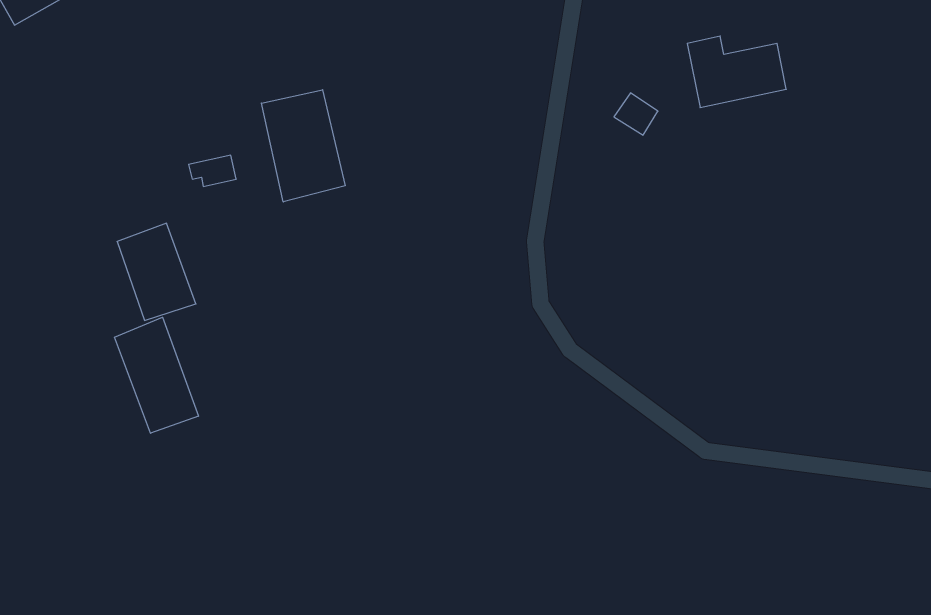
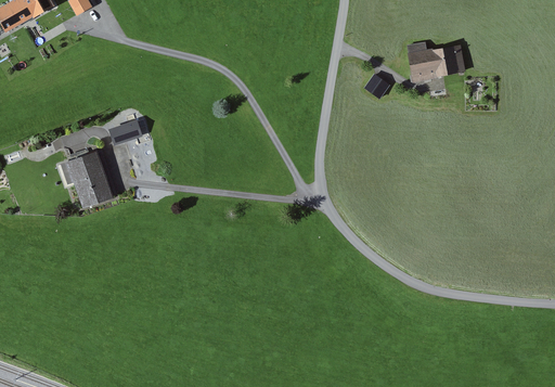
building: [261,90,345,202] -> none
building: [115,317,198,433] -> none

